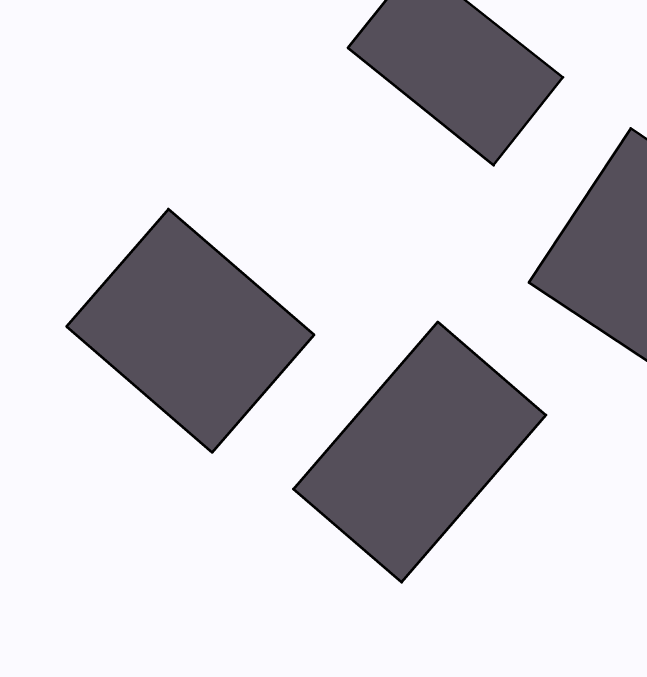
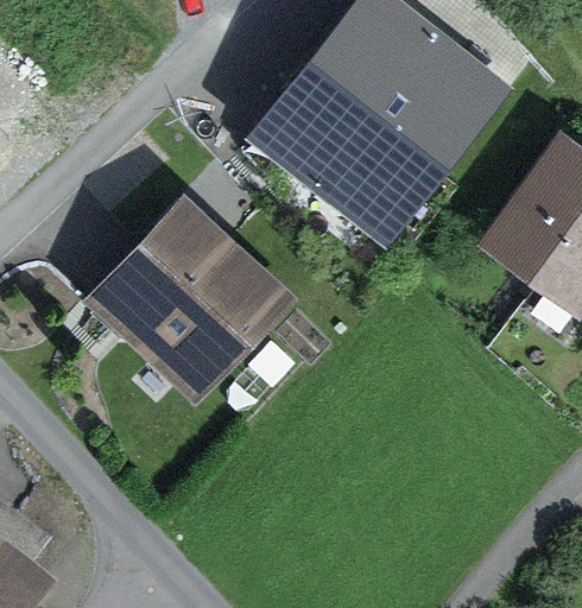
building: none -> [265,58,447,229]
building: [293,322,546,582] -> none

